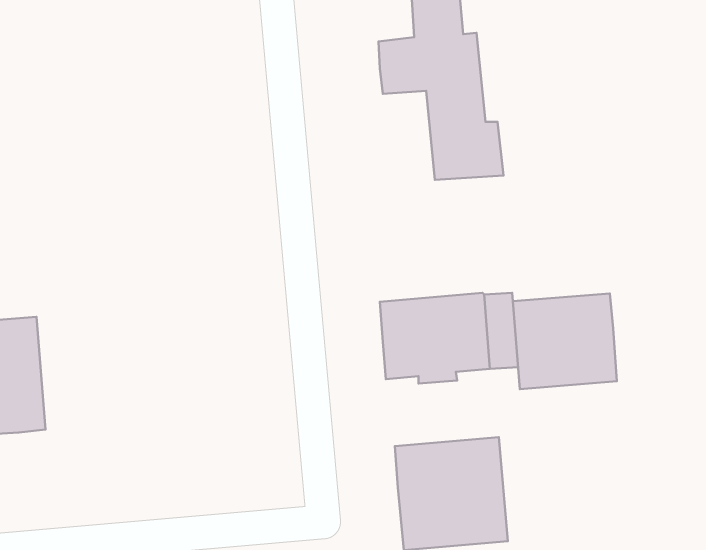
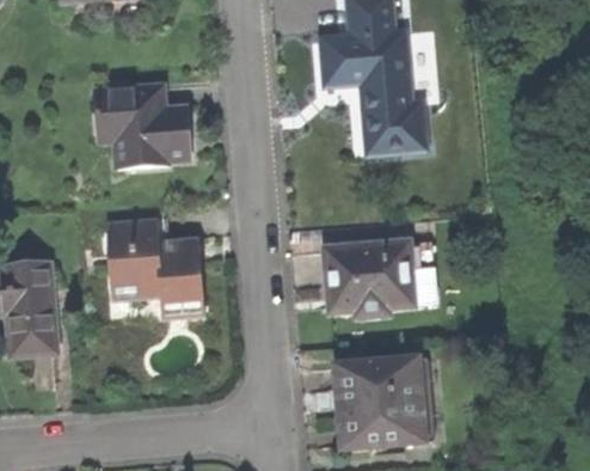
building: none -> [93,86,191,169]
building: none -> [106,221,203,317]
building: [513,293,617,389] -> none

